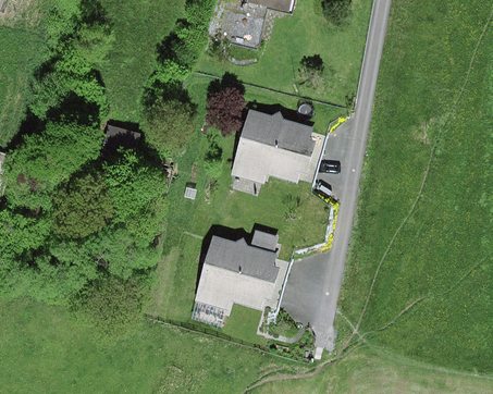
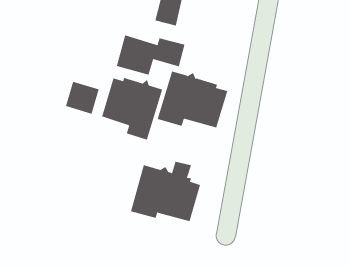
building: none -> [116,35,185,75]
building: none -> [101,77,163,140]

